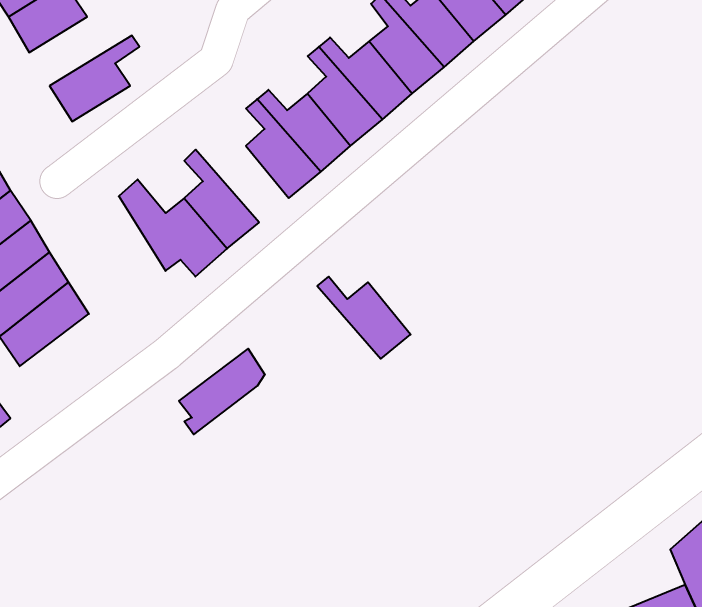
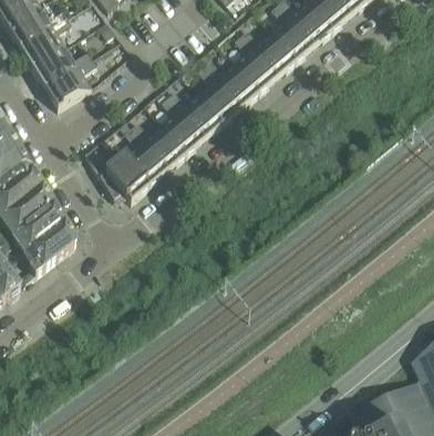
building: none -> [31,45,92,86]
building: [317,277,411,359] -> [130,118,185,167]
building: [179,349,265,434] -> [25,221,76,272]

